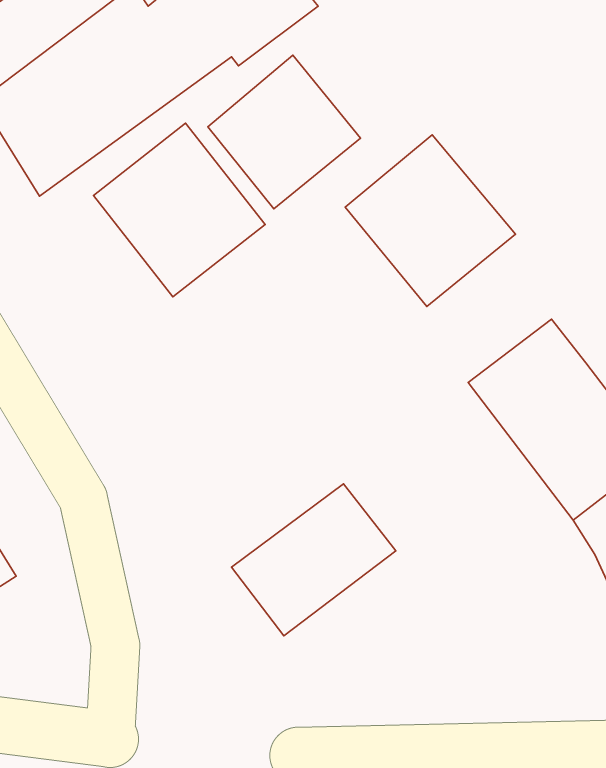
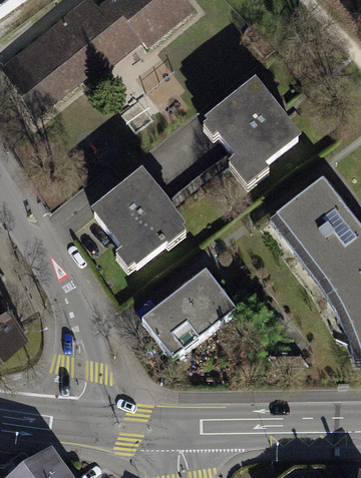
building: [208,55,360,209] -> none
building: [93,123,265,297] -> [92,173,188,270]

